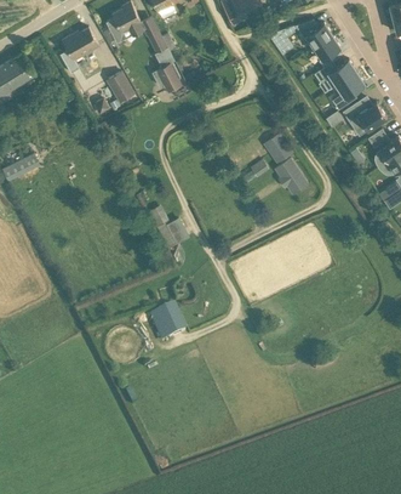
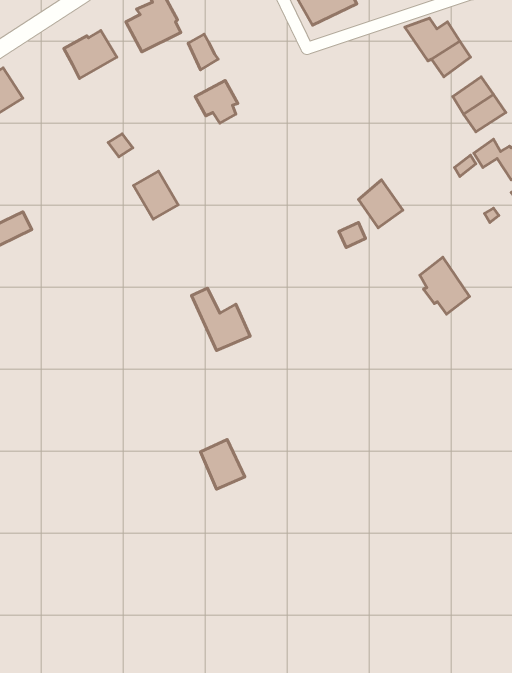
building: [105,72,136,104] -> [134,171,178,219]
building: [274,157,308,195] -> [420,257,470,314]

